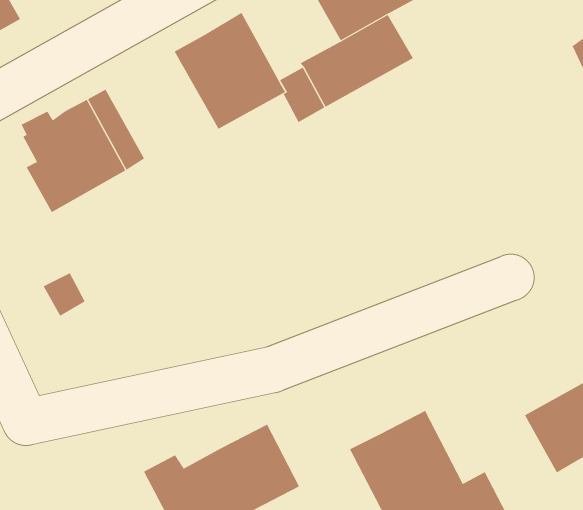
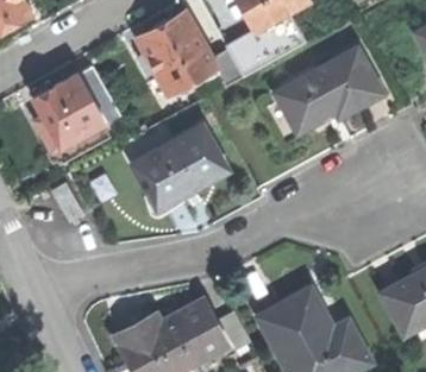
building: none -> [277,50,383,133]
building: none -> [132,127,226,209]

